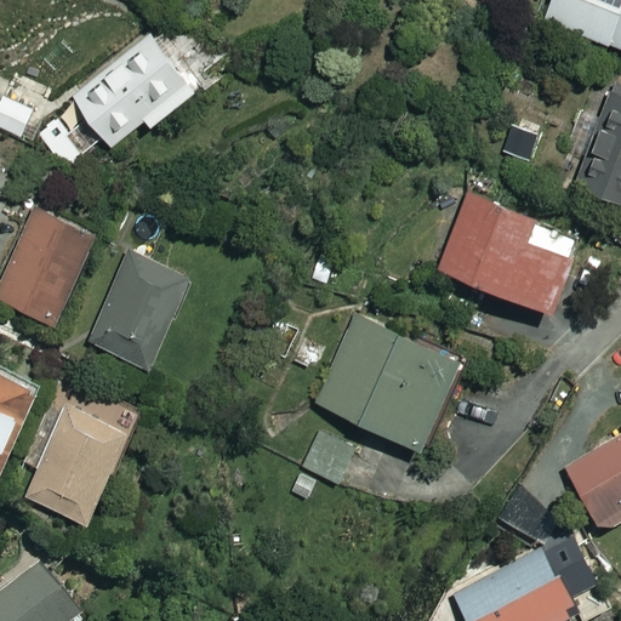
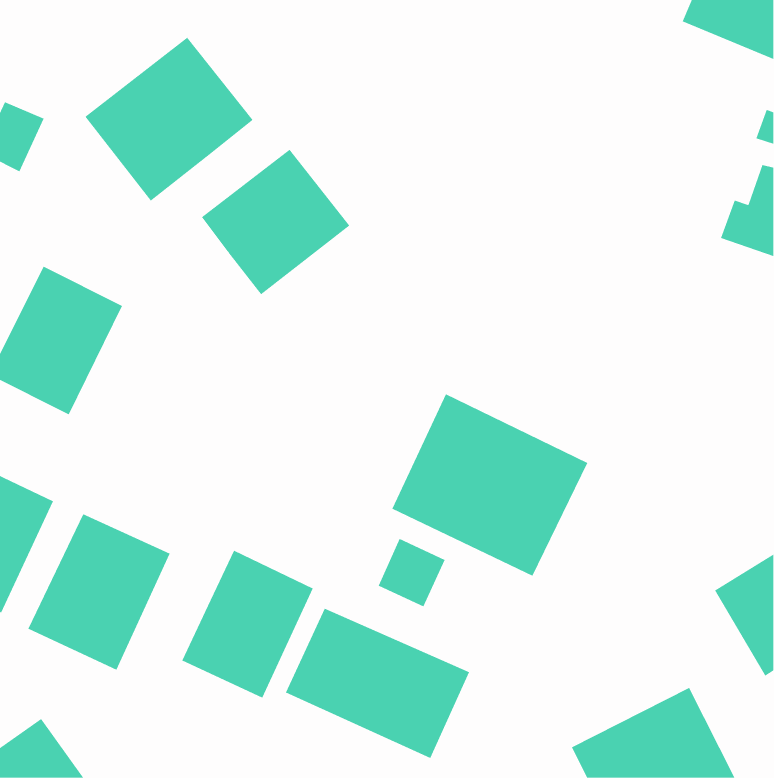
building: none -> [201,149,350,295]
building: [434,195,579,321] -> none
building: [85,252,194,372] -> none
building: none -> [182,550,314,699]
building: none -> [285,608,470,759]

